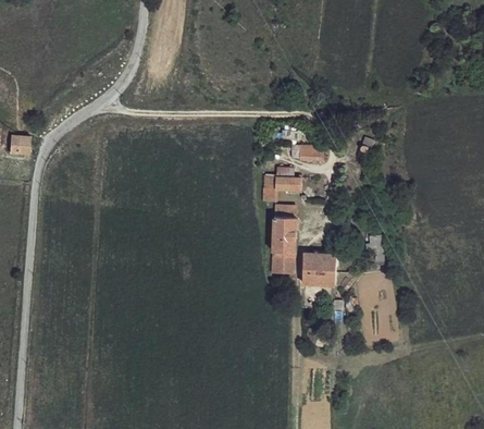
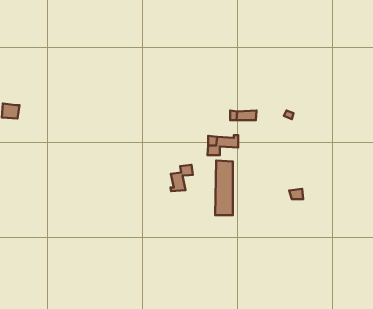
building: none -> [171,165,193,191]
building: [303,249,337,282] -> none

